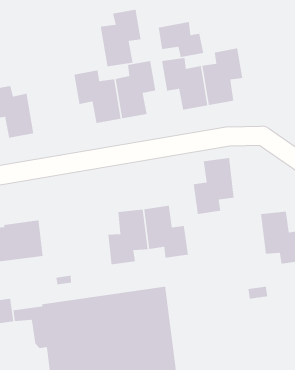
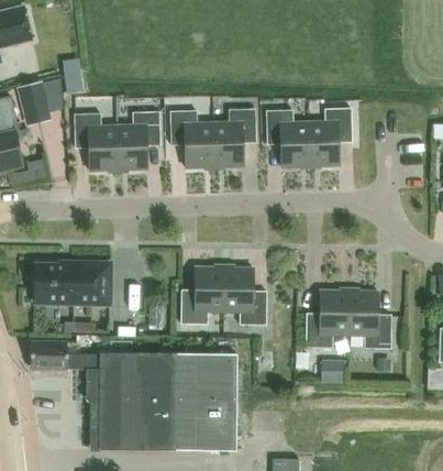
building: [100,9,141,67] -> [117,110,159,168]
building: [158,21,204,58] -> none
building: [193,157,235,215] -> [306,289,350,347]

